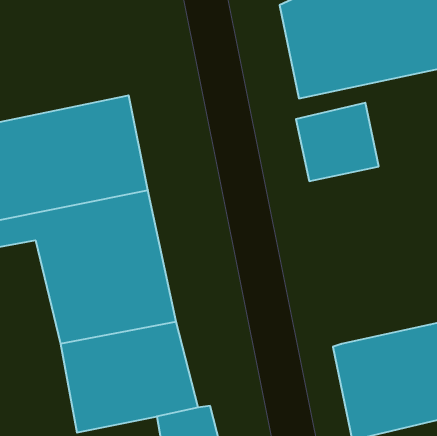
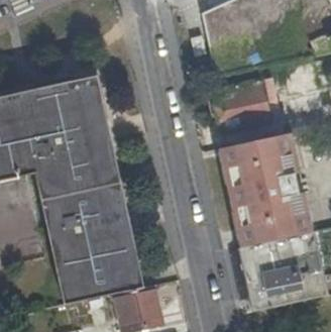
building: none -> [221,133,304,245]

